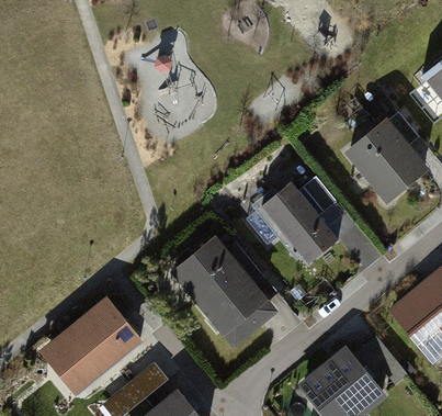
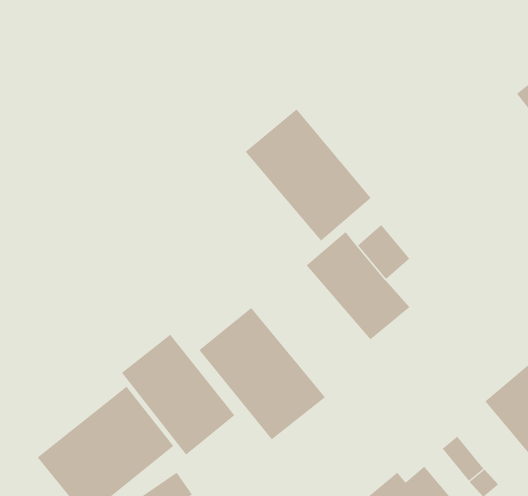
building: none -> [245,109,371,241]
building: [345,121,420,198] -> none
building: none -> [121,334,235,456]

